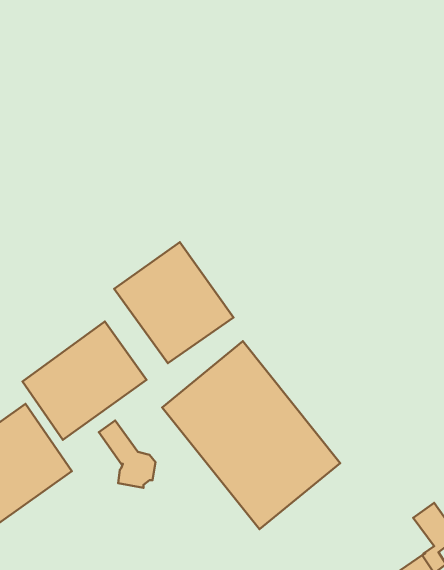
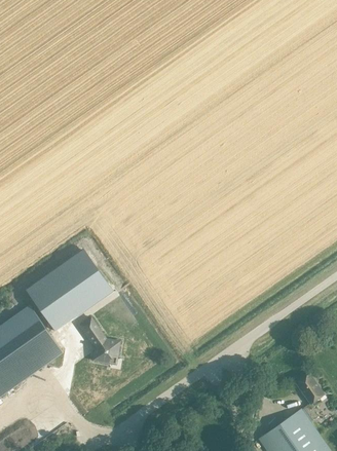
building: [114,242,234,363] -> none
building: [162,341,340,529] -> none

